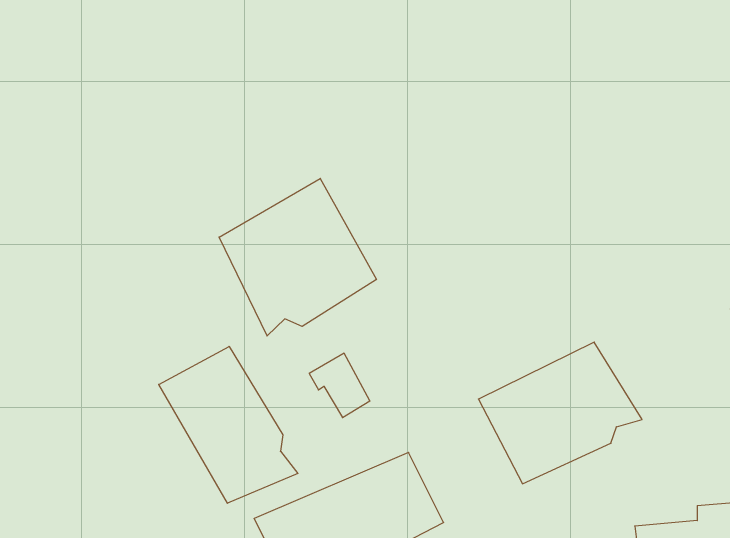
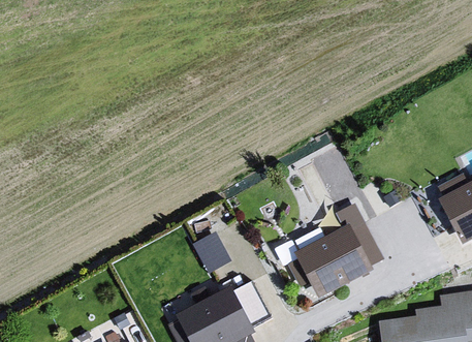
building: [219,178,376,336] -> none
building: [159,346,298,503] -> none

